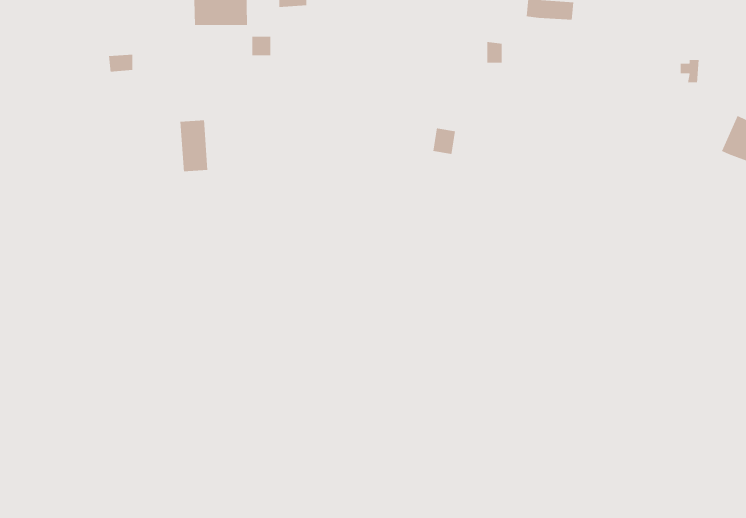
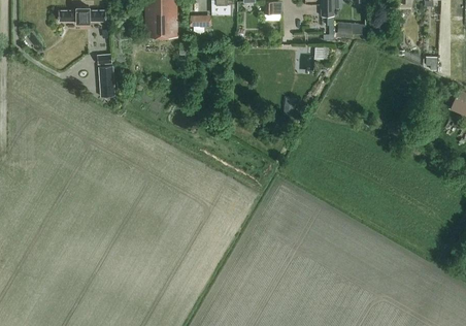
building: [180,120,208,172] -> [99,67,115,97]

